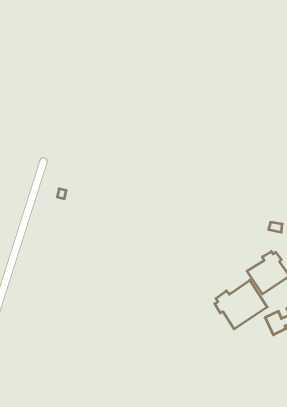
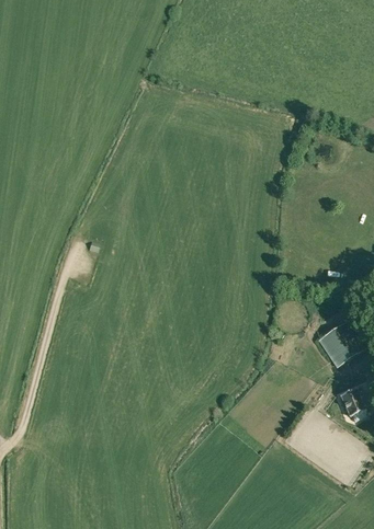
building: [215,280,267,329] -> none

